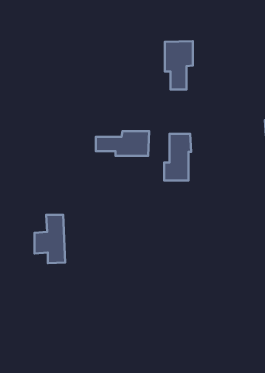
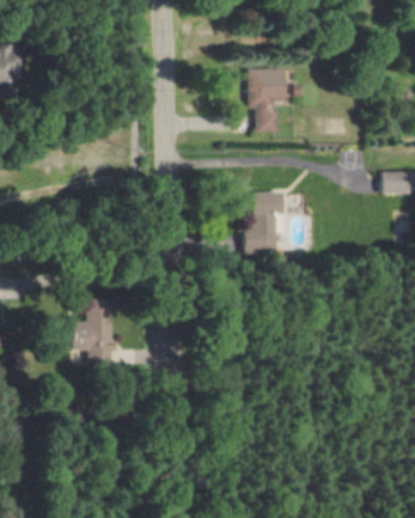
building: [96,131,149,156] -> none

